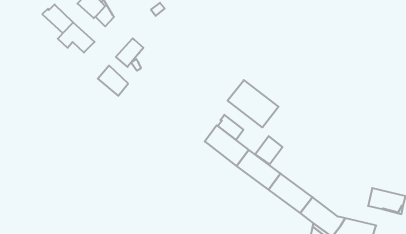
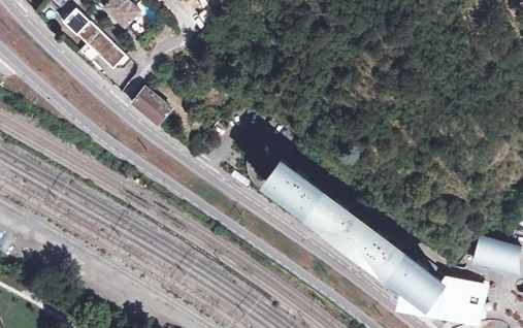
building: [116,38,143,67] -> none
building: [228,80,279,127] -> none
building: [218,115,243,140] -> none
building: [255,136,282,164] -> none

